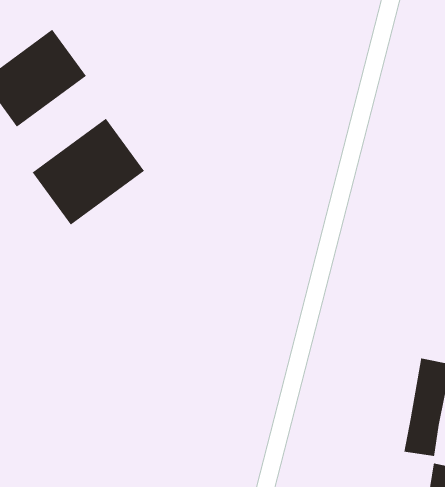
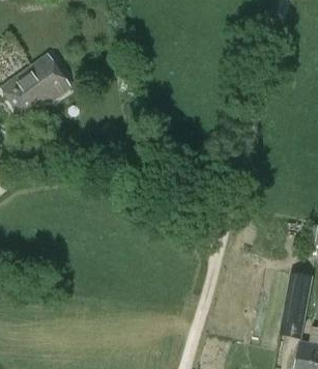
building: [32,118,145,225] -> none

